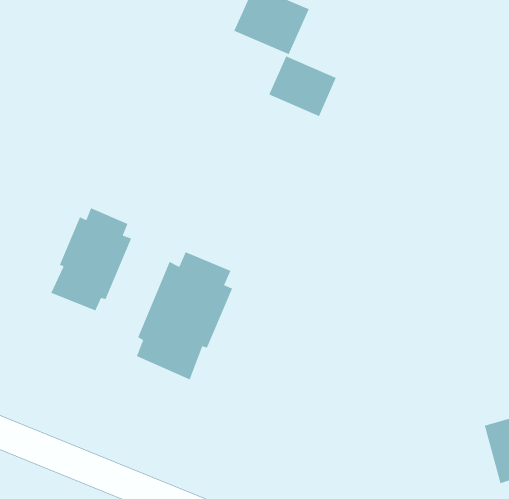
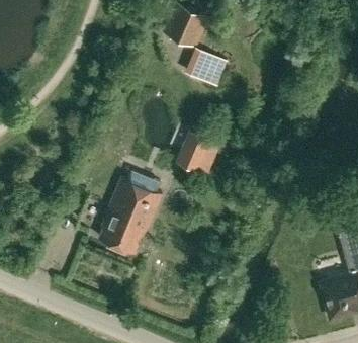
building: none -> [177,133,221,179]
building: [50,207,132,311] -> none

